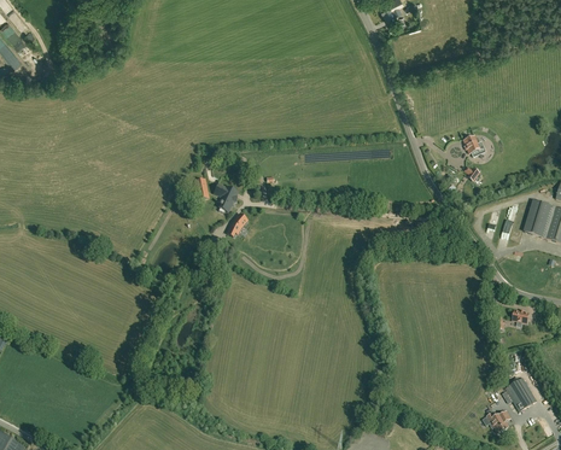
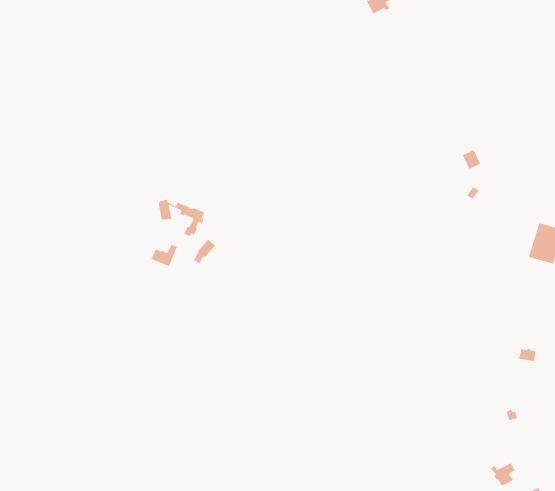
building: [507,379,538,411] -> none

